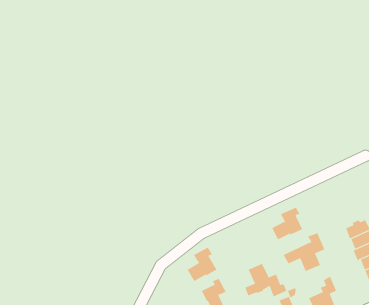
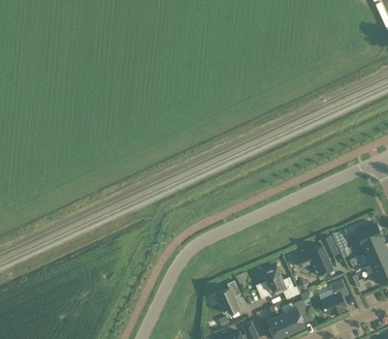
building: [271,207,303,240] -> none
building: [187,247,217,282] -> none

